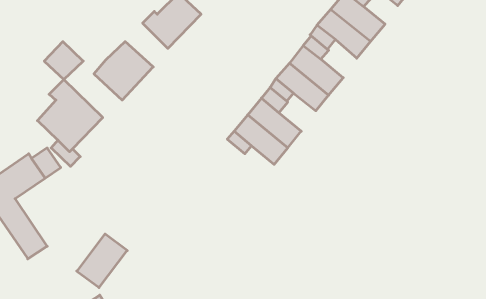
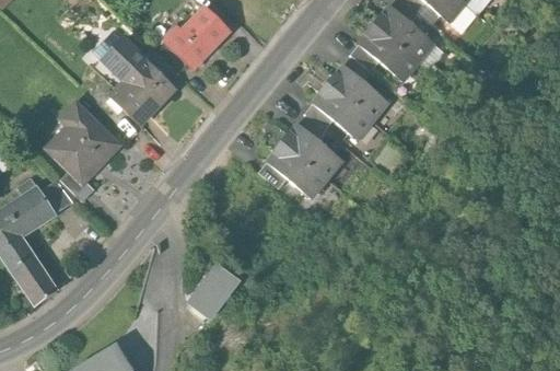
building: [44,42,83,80] -> [101,38,144,81]
building: [77,234,127,288] -> [185,259,242,320]

